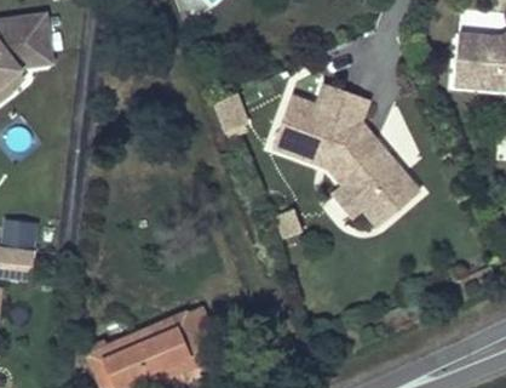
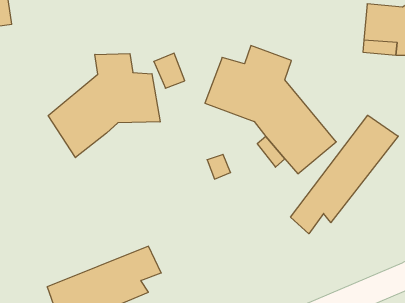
building: none -> [48,54,160,158]
building: none -> [291,115,398,234]

